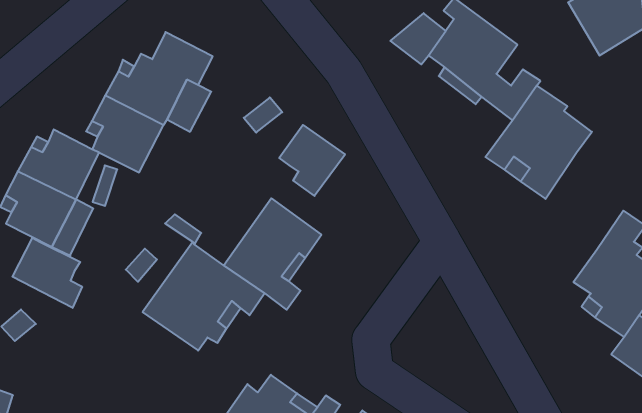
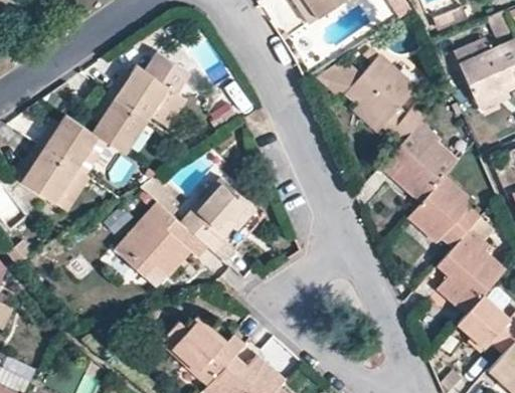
building: [279,125,345,196] -> none
building: none -> [412,174,487,248]
building: [12,238,82,308] -> none

